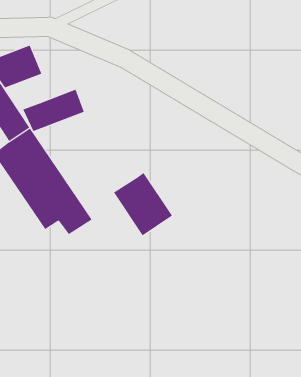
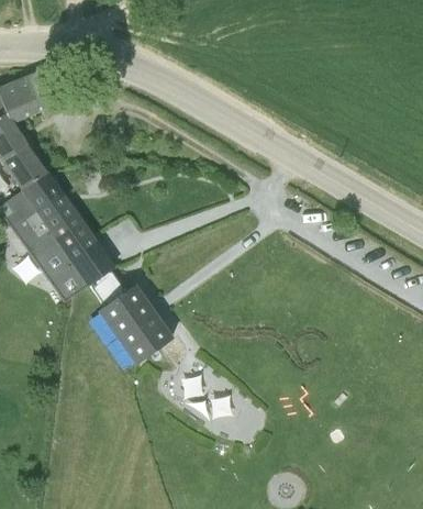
building: [23,89,84,132] -> none
building: [113,172,173,236] -> [98,284,175,366]

